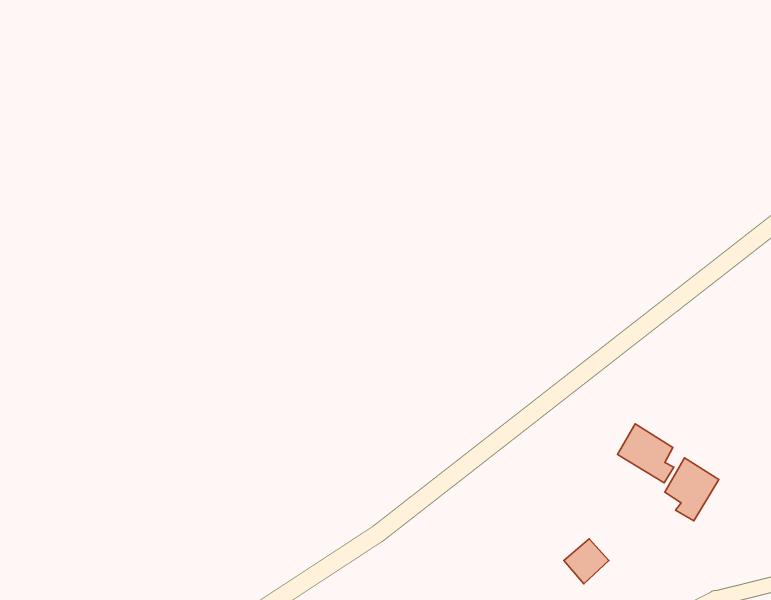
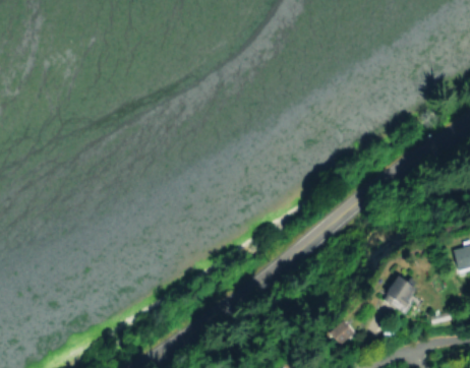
building: [617,424,674,483] -> none

